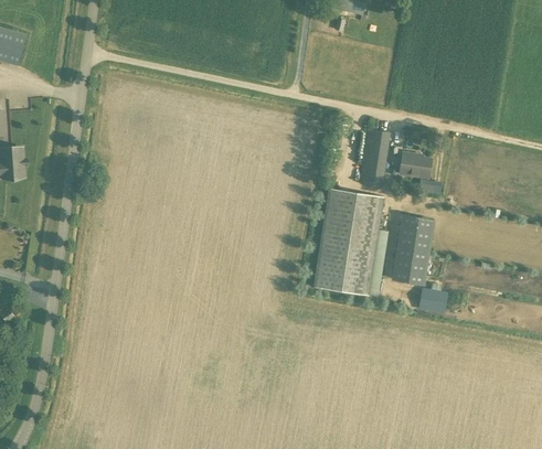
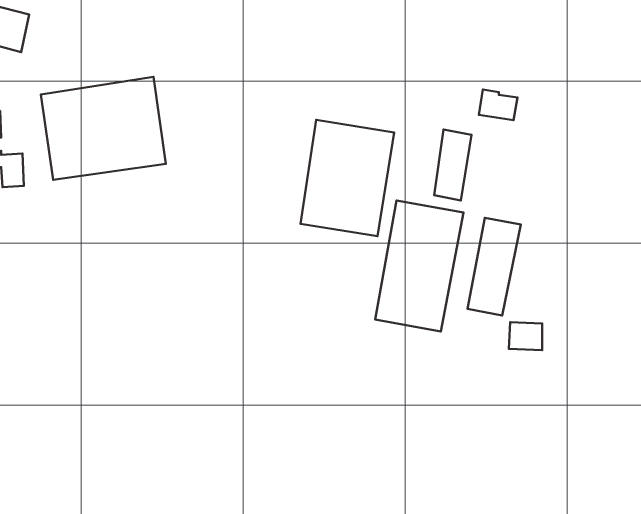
building: none -> [41,77,166,180]
building: none -> [301,120,394,236]
building: [401,152,433,178] -> [479,89,518,120]

